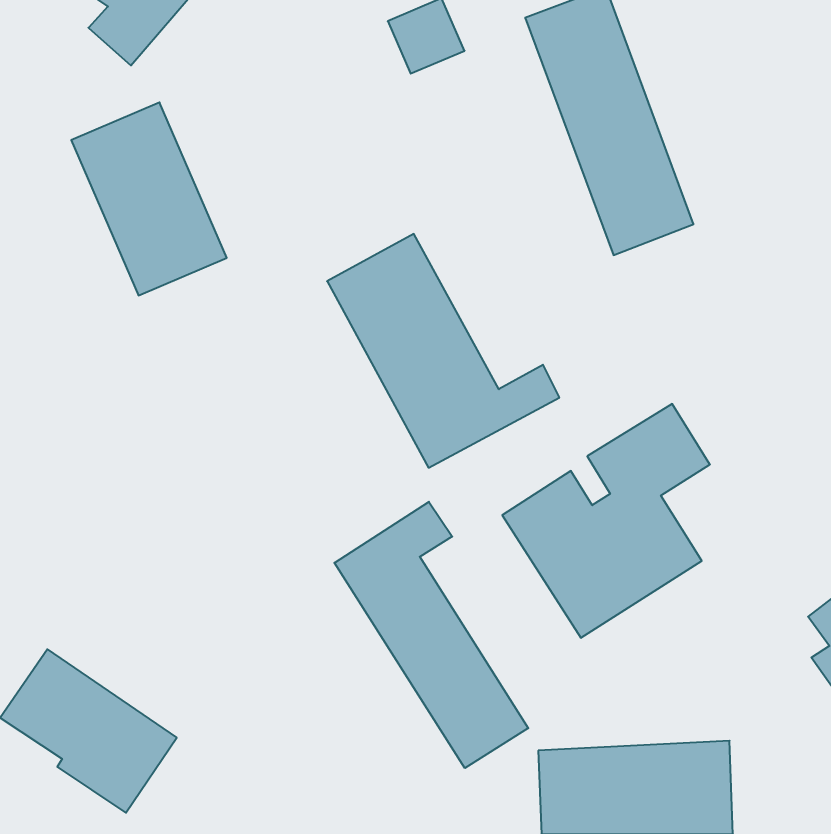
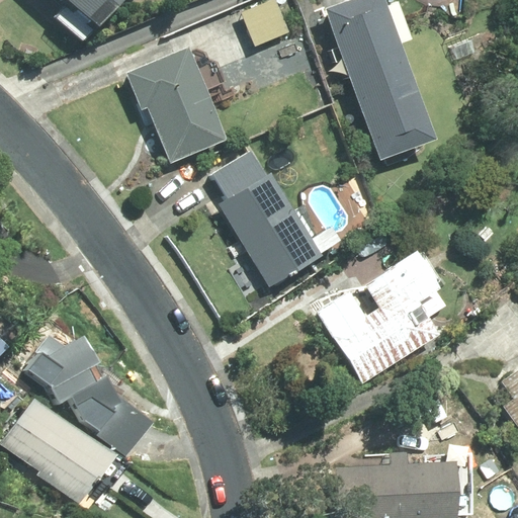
building: [71,102,227,295] -> [133,46,229,165]
building: [334,502,528,768] -> none
building: none -> [48,339,151,454]

